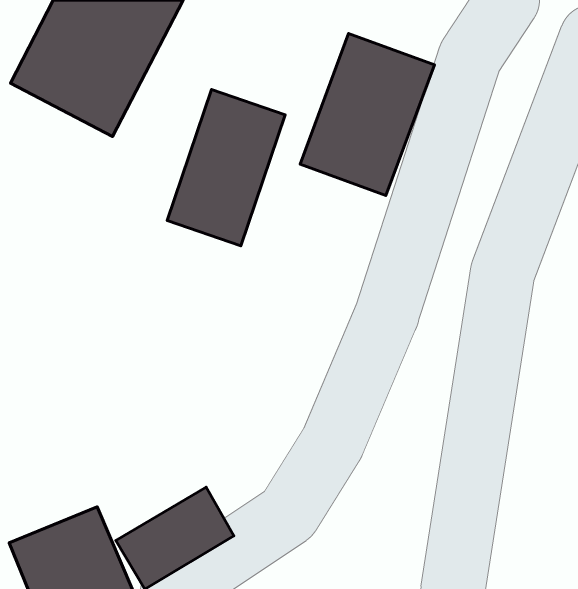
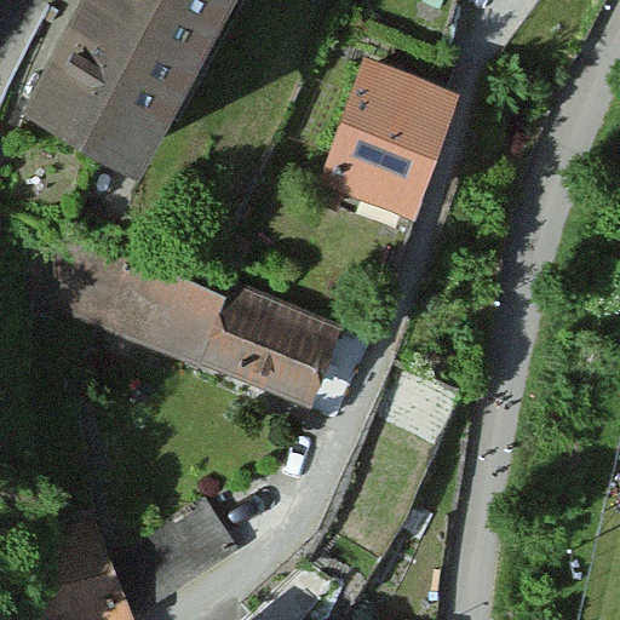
building: [167,89,285,246] -> none
building: none -> [51,248,363,411]

